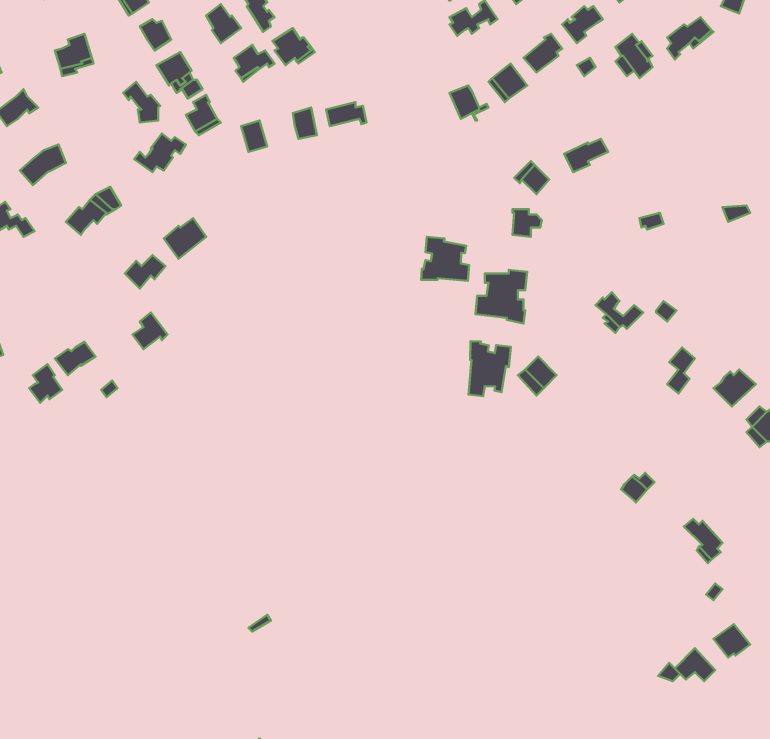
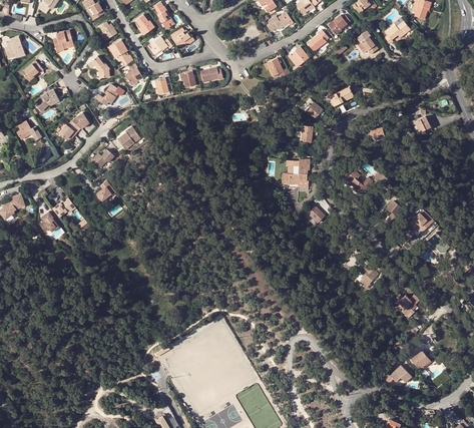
building: [421,237,469,281] -> none
building: [469,341,511,396] -> none

